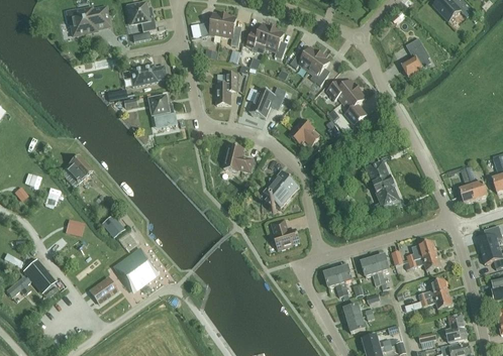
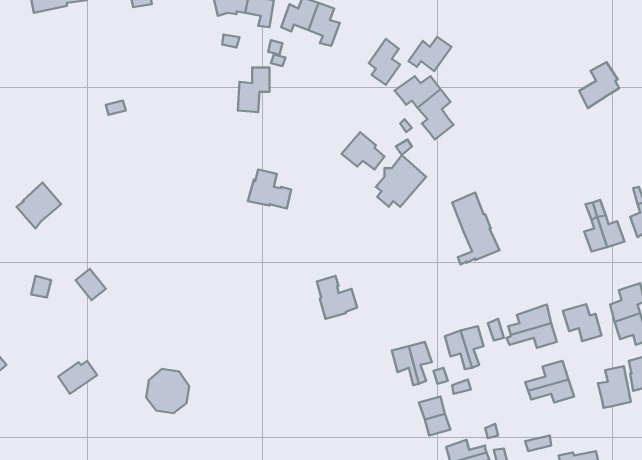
building: [402,43,430,76] -> [579,62,619,108]
building: [290,45,320,70] -> [408,37,451,71]
building: [129,64,167,85] -> none
building: [249,87,286,117] -> none
building: [149,94,175,121] -> none
building: [264,169,299,206] -> [376,155,426,207]
building: none -> [563,304,602,341]
building: [121,253,152,284] -> [146,369,189,413]
building: [443,312,467,341] -> [598,366,631,408]

